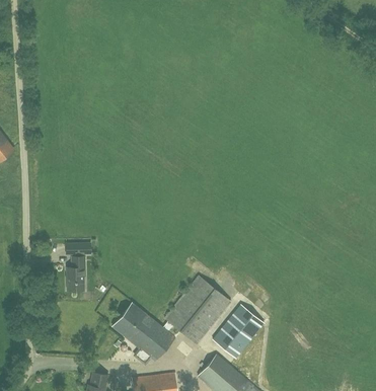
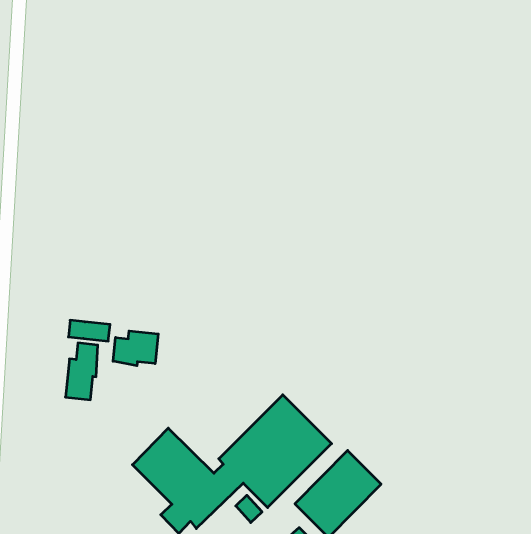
building: none -> [113,331,158,366]

